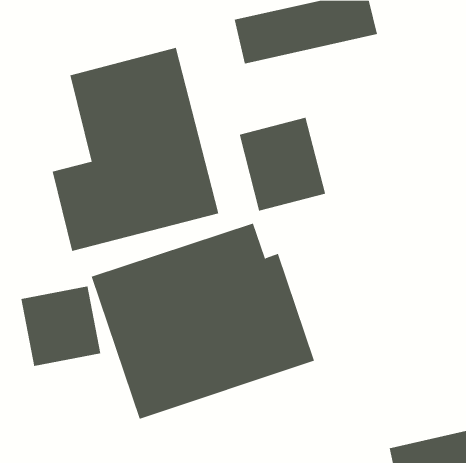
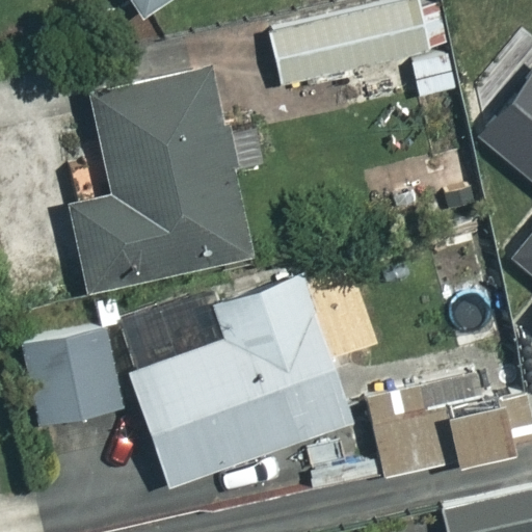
building: [239,117,326,211] -> none
building: none -> [372,395,507,477]

